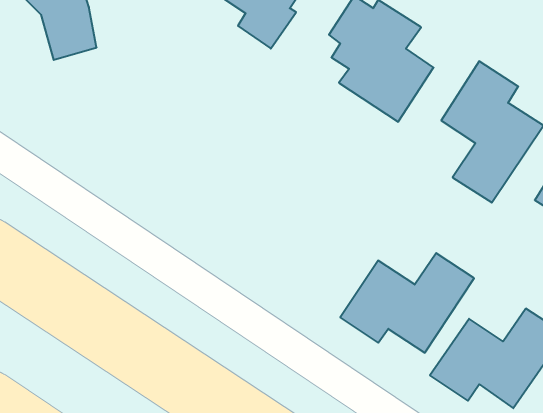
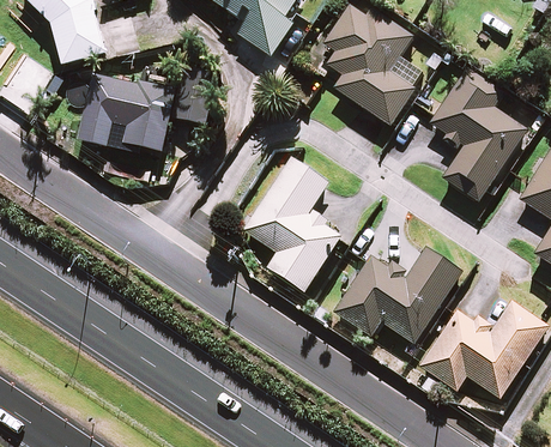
building: none -> [85,68,214,146]
building: none -> [243,158,339,291]

